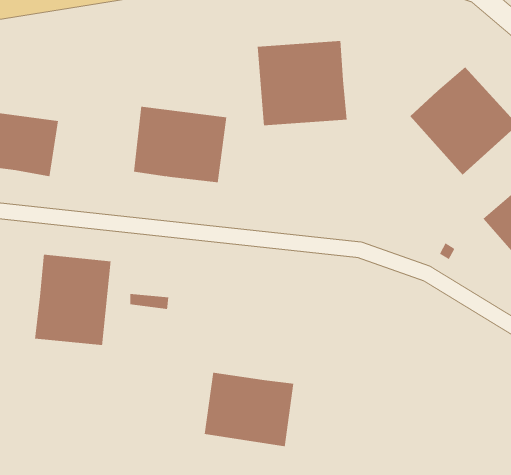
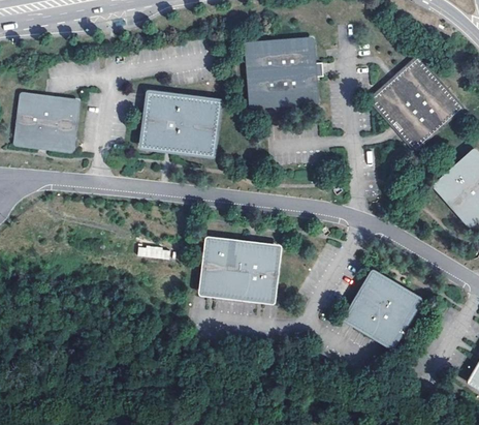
building: [35,254,111,346] -> none
building: none -> [343,269,420,346]
building: [204,372,294,447] -> [201,241,277,303]

